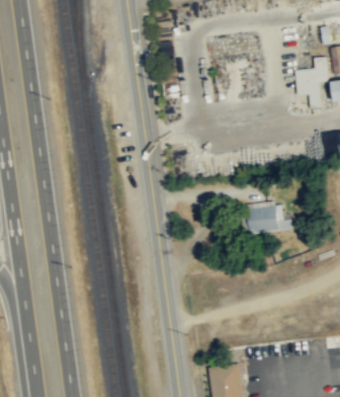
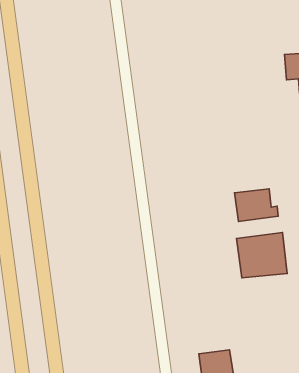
building: none -> [237,233,287,278]

